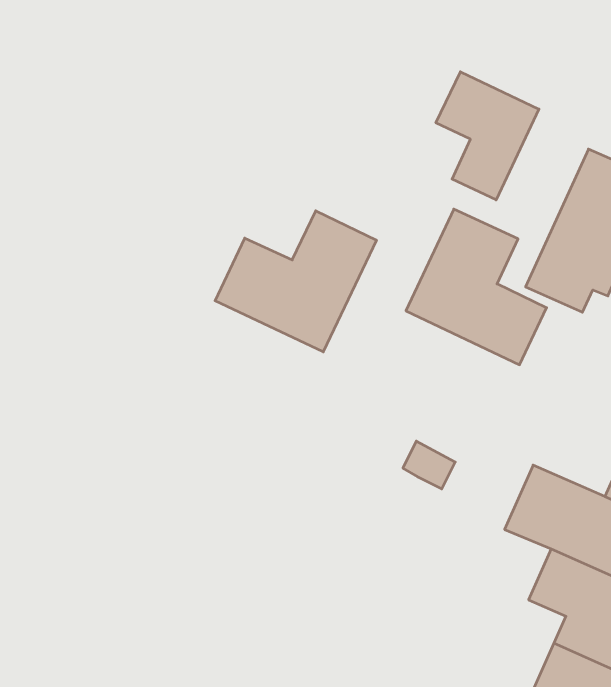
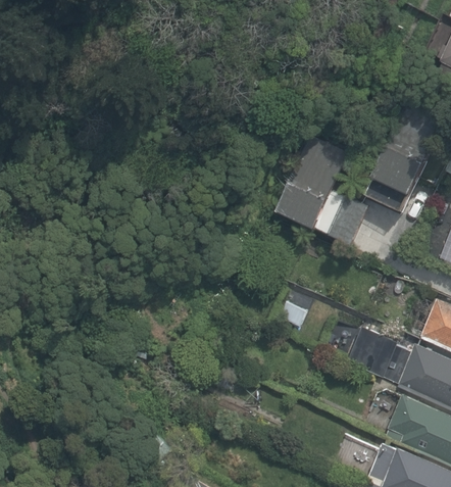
building: [436,72,539,200] -> none
building: [215,211,376,352] -> none

